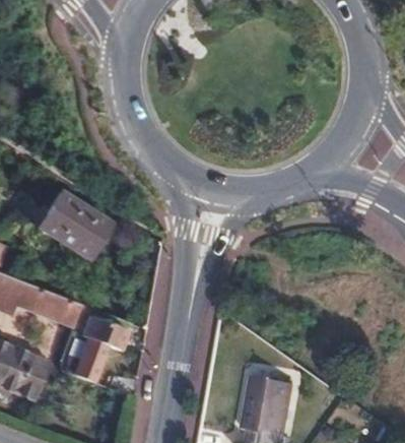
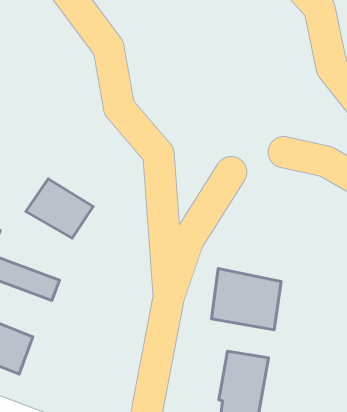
building: none -> [211,269,281,330]
building: [72,316,130,380] -> none

